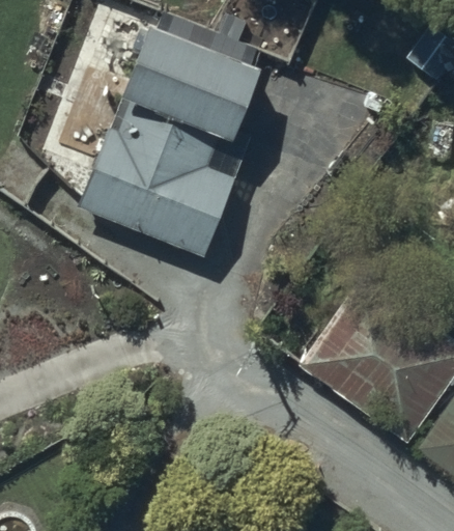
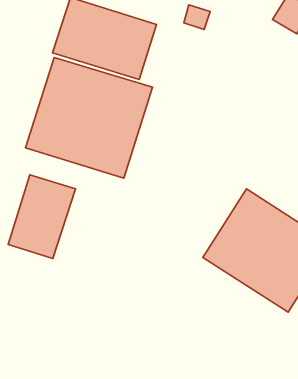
building: none -> [8,175,75,259]

